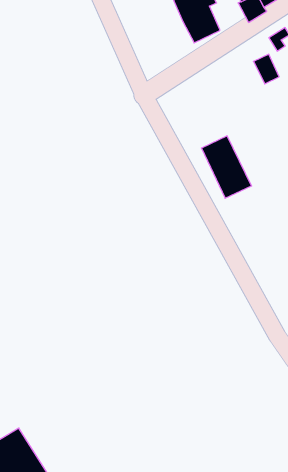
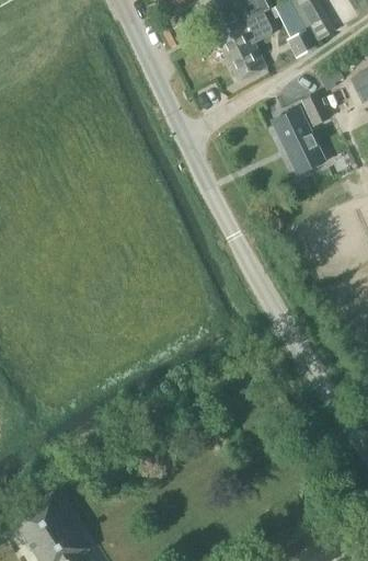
building: [201,136,252,198] -> [272,106,325,173]

